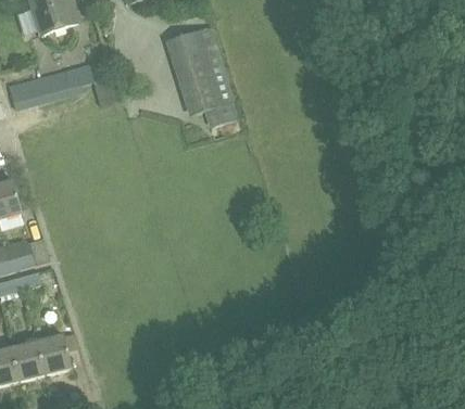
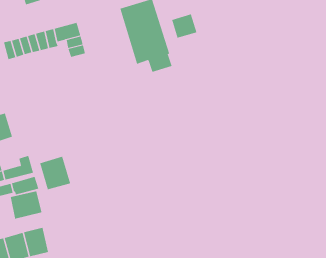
building: none -> [171,13,197,38]
building: none -> [40,156,71,190]
building: none -> [10,190,42,219]

